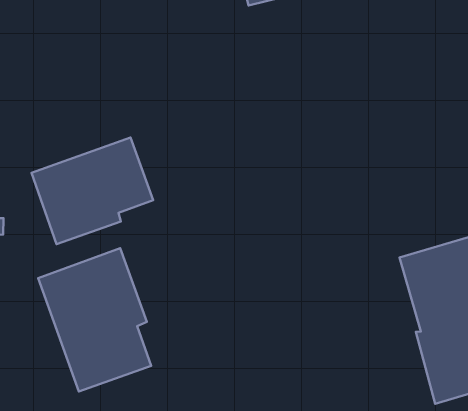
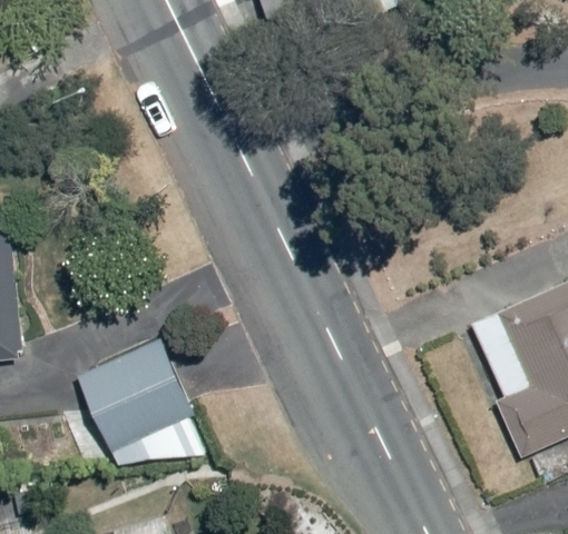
building: [32,138,153,244] -> none

